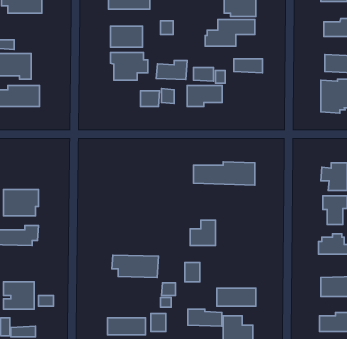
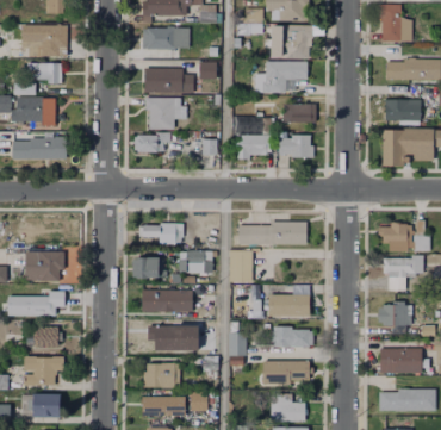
building: none -> [29,62,61,82]
building: [156,61,187,80] -> [136,132,170,154]
building: none -> [279,131,316,158]
building: none -> [142,222,185,245]
building: none -> [181,250,215,272]
building: none -> [230,250,251,282]
building: none -> [135,257,168,276]
building: none -> [145,289,192,311]
building: none -> [269,295,309,314]
building: none -> [27,328,57,347]
building: none -> [145,363,180,385]
building: [188,309,222,326] -> [273,328,311,347]

